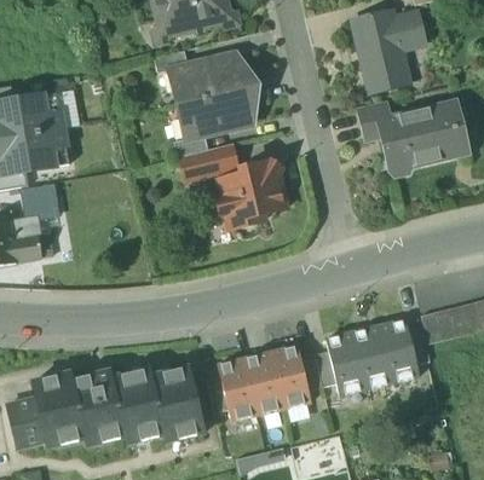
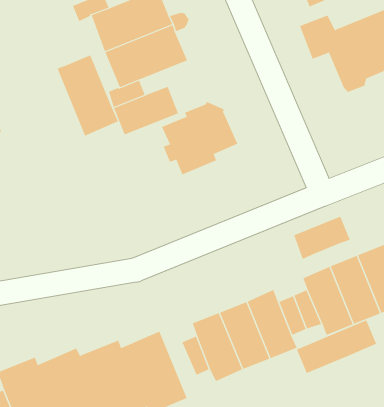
building: none -> [57,55,119,137]
building: none -> [293,216,350,260]
building: none -> [296,319,377,374]

